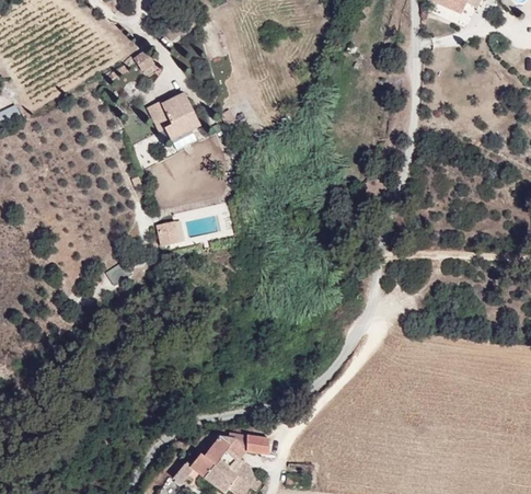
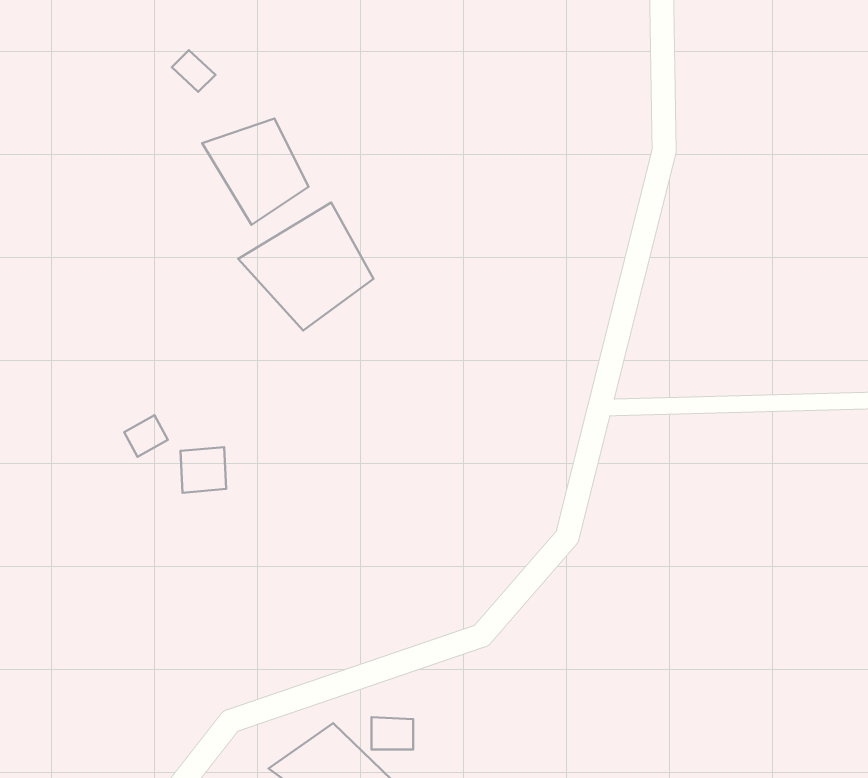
building: none -> [238,203,373,330]
building: [154,220,181,246] -> [181,447,226,493]

